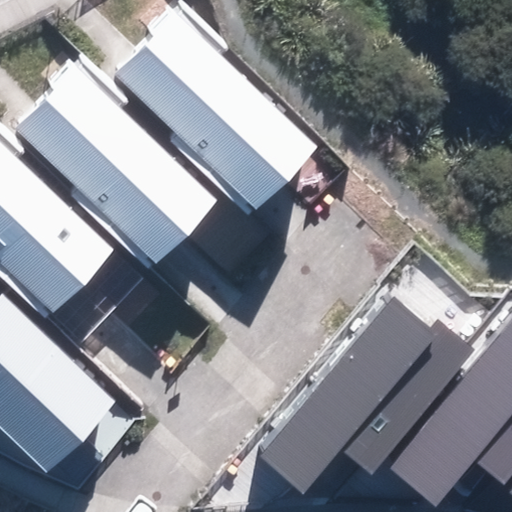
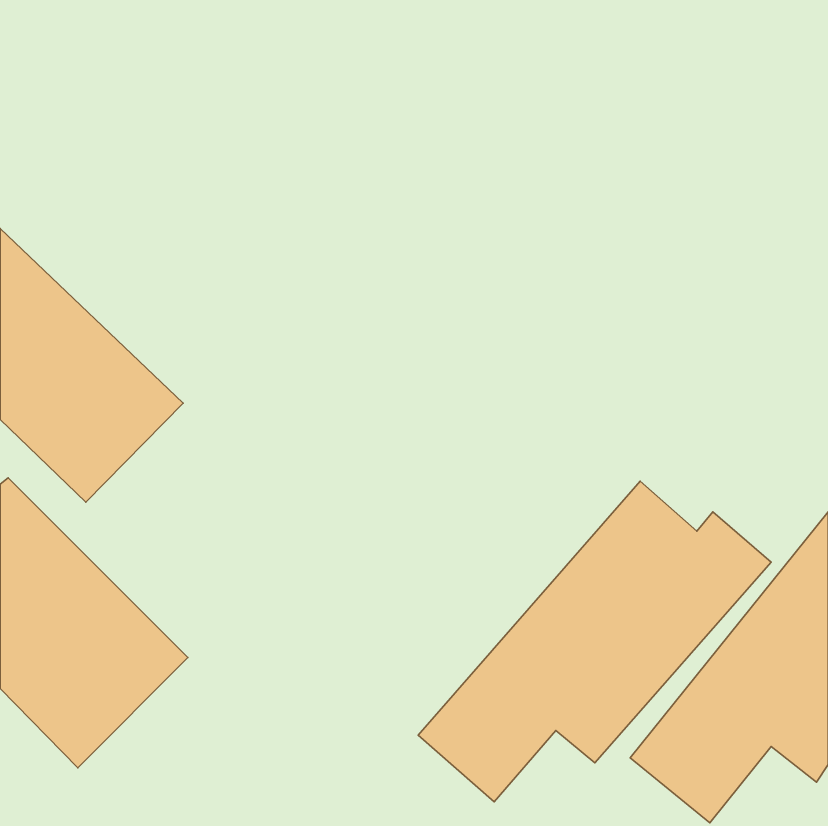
building: [115,12,317,210] -> none
building: [16,68,215,264] -> none

